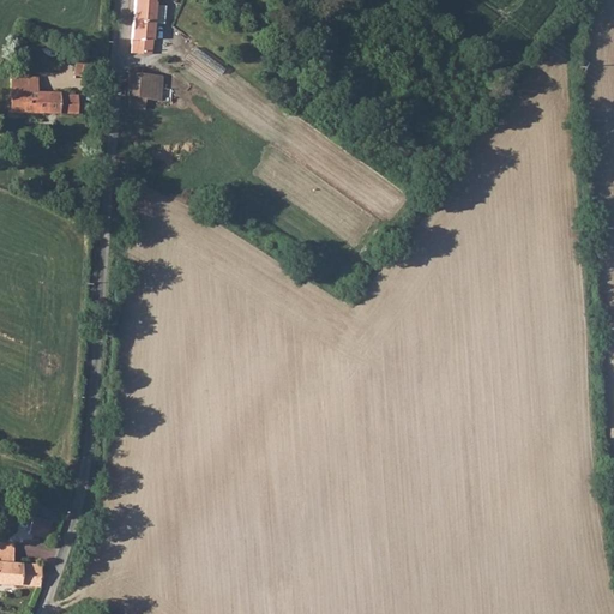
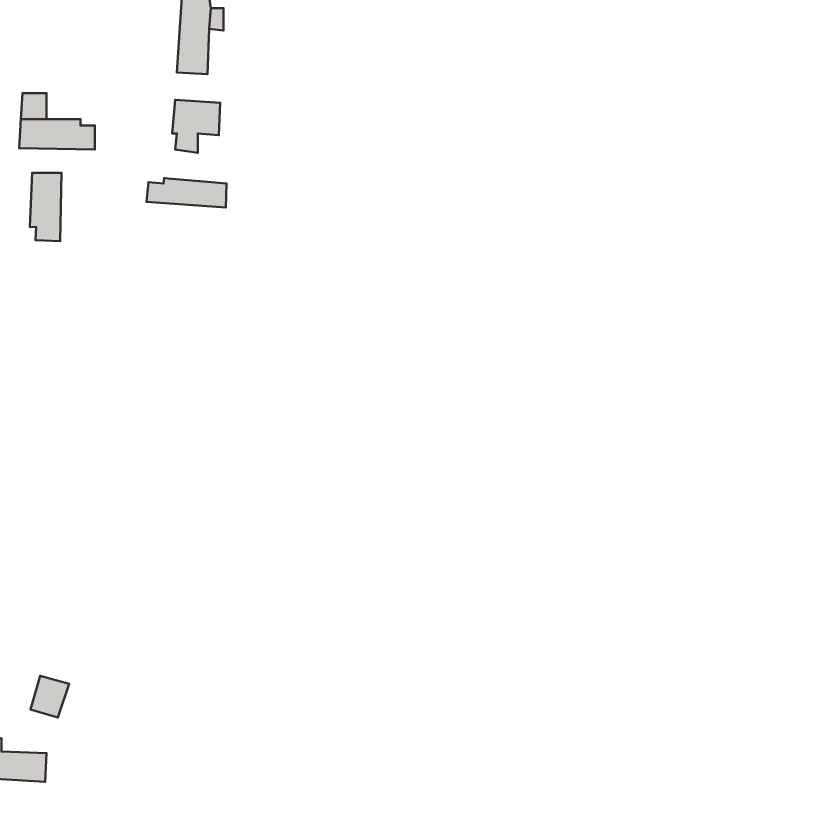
building: none -> [30,173,62,241]
building: none -> [146,178,226,207]

